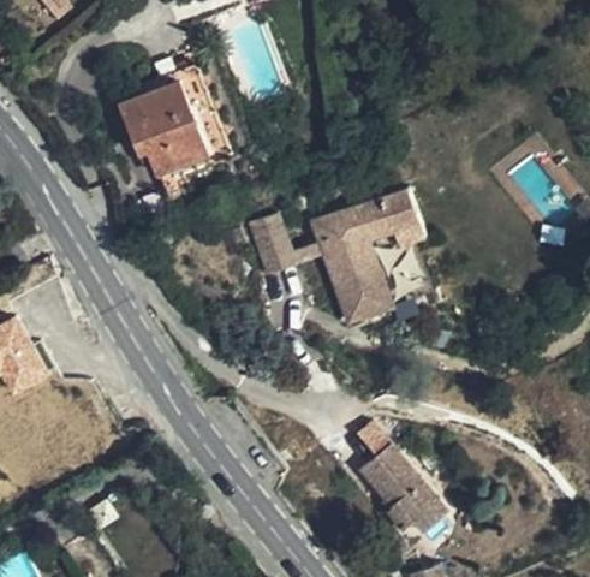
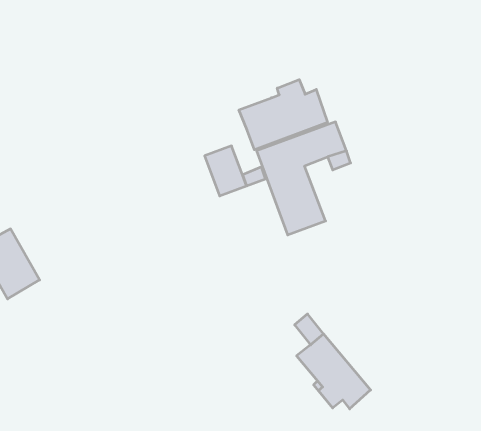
building: [119,61,228,174] -> none
building: none -> [239,80,327,150]

